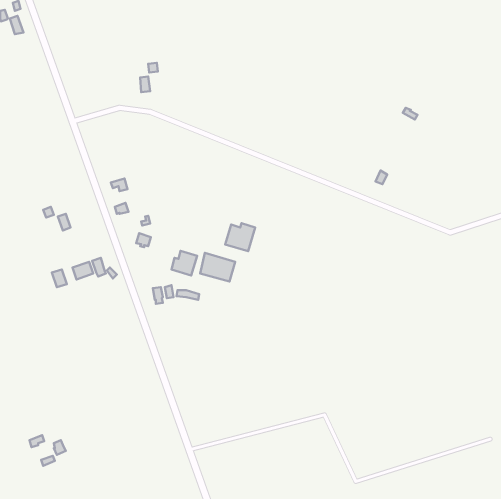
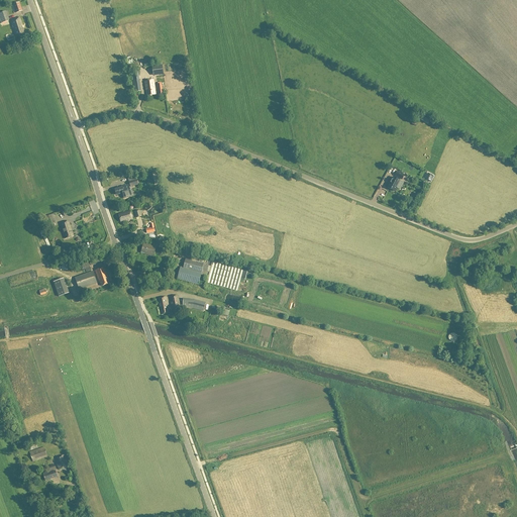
building: [225,223,255,251] -> none

